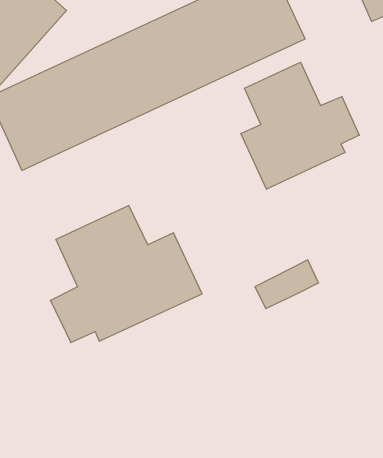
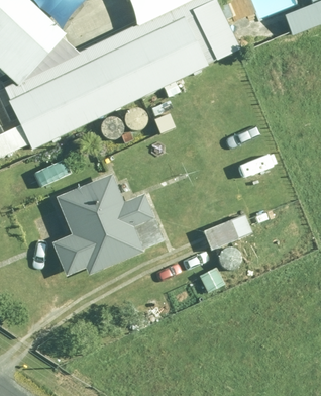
building: [241,62,359,189] -> none

